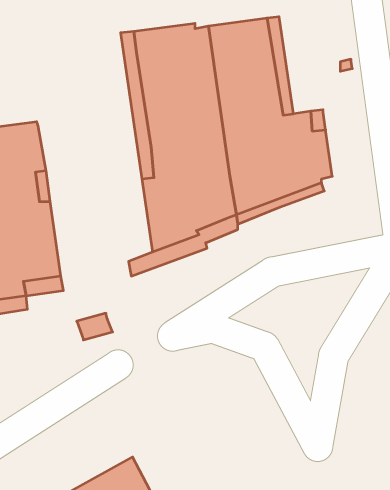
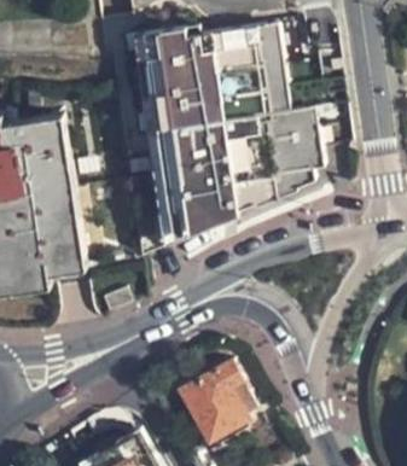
building: none -> [181,360,256,438]

